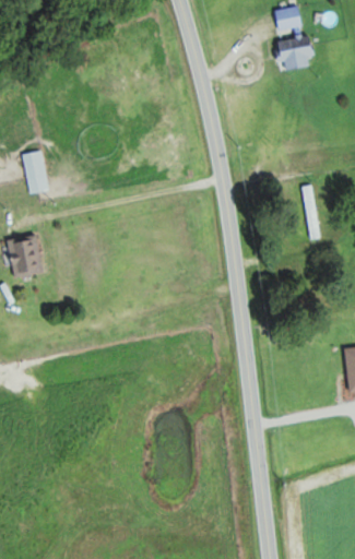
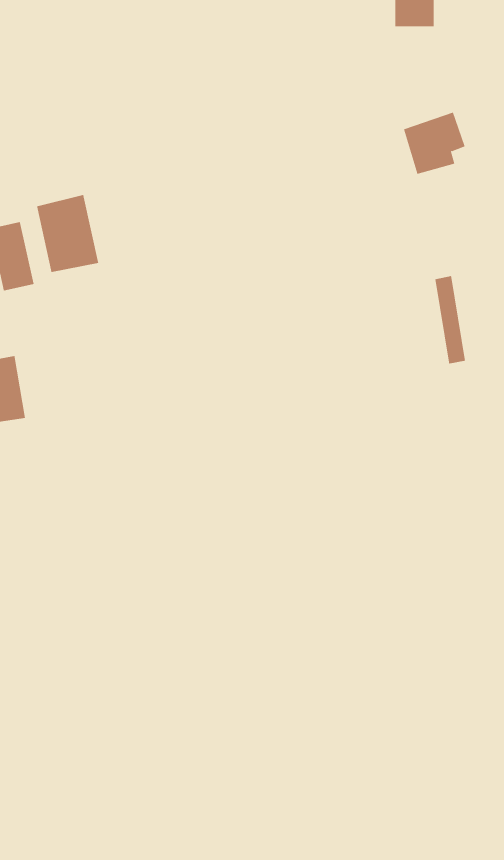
building: [279,32,318,71] -> [403,112,466,174]
building: none -> [36,194,99,273]

